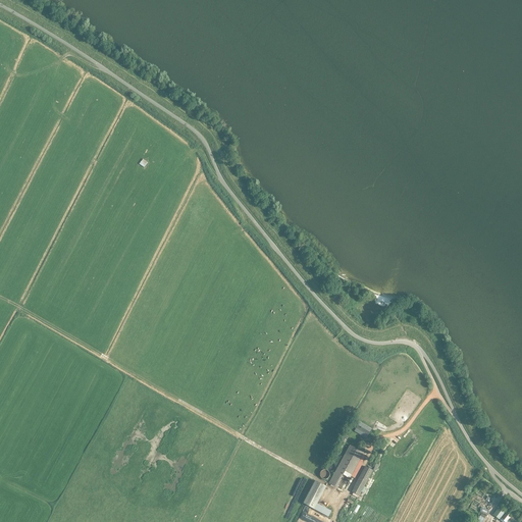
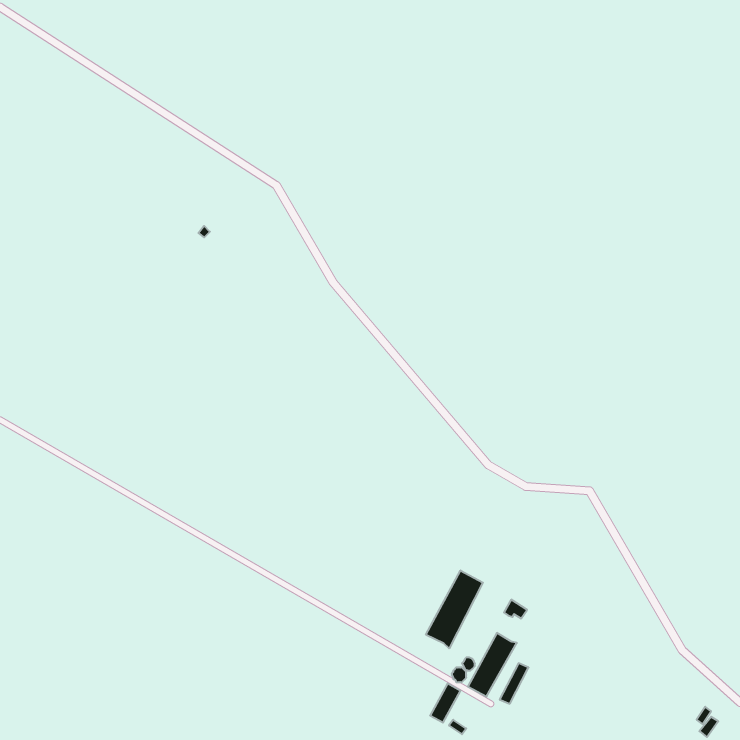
building: none -> [426,570,483,648]

